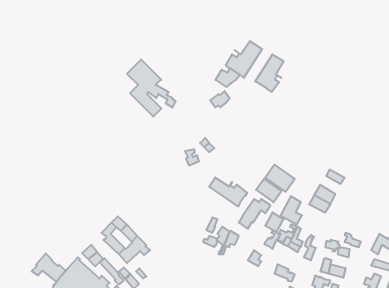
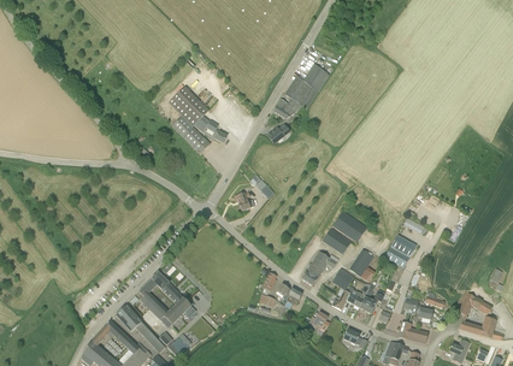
building: [255,54,284,92] -> none
building: [209,177,247,207] -> none
building: [32,253,66,282] -> none

